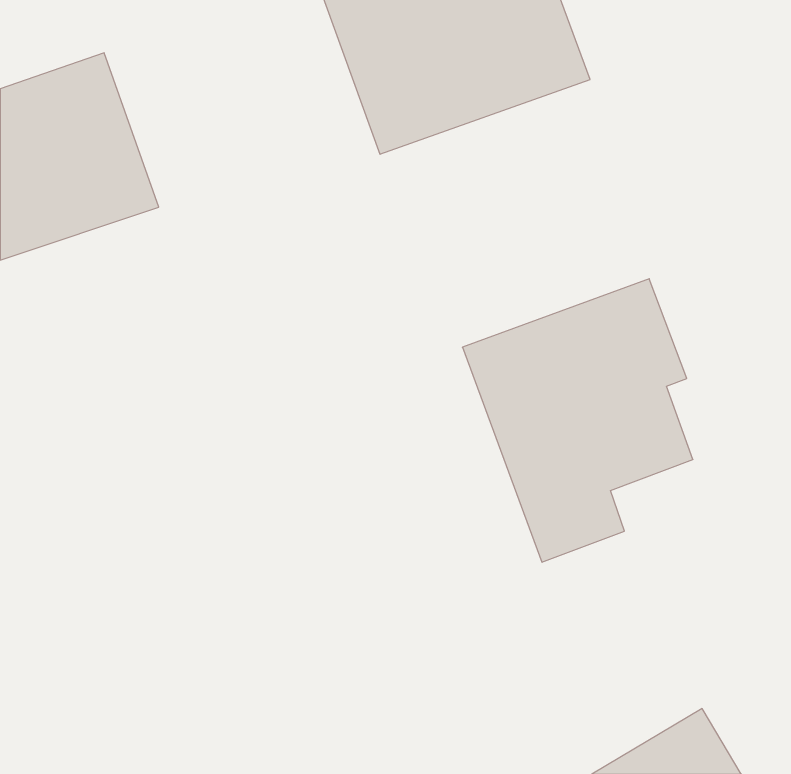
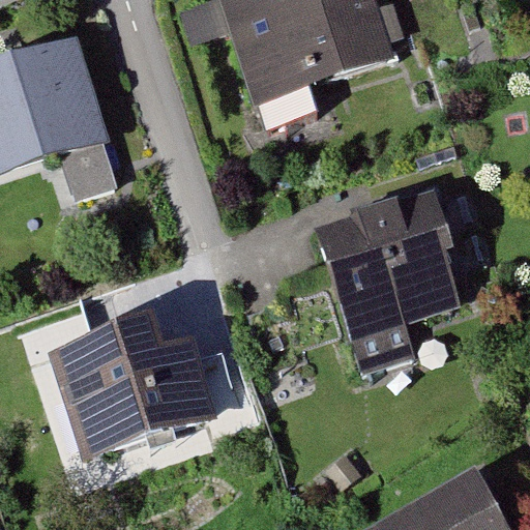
building: none -> [46,314,218,461]

